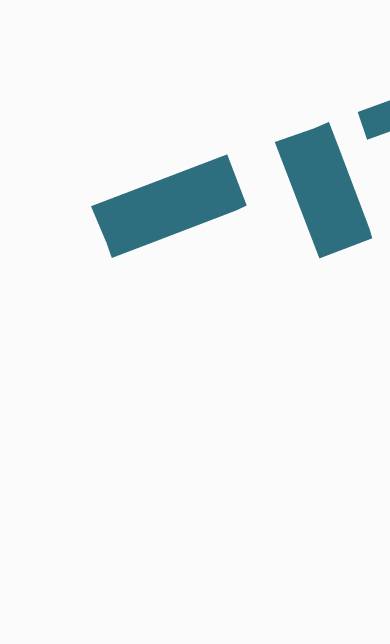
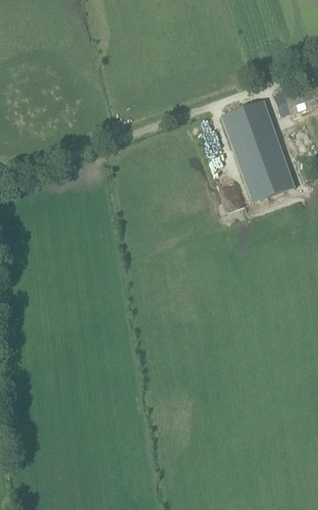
building: [90,154,248,259] -> none

